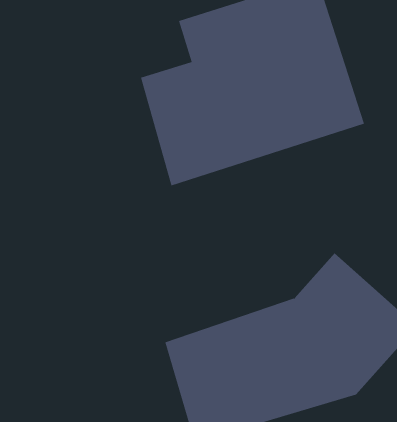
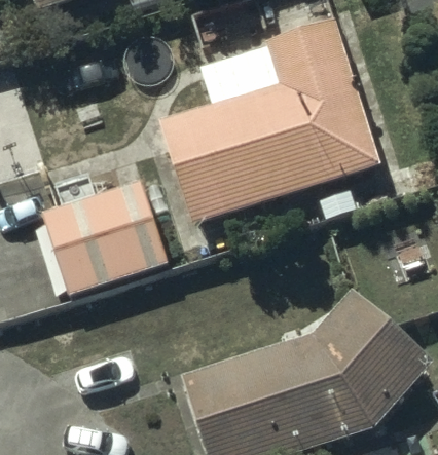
building: none -> [41,178,170,294]

